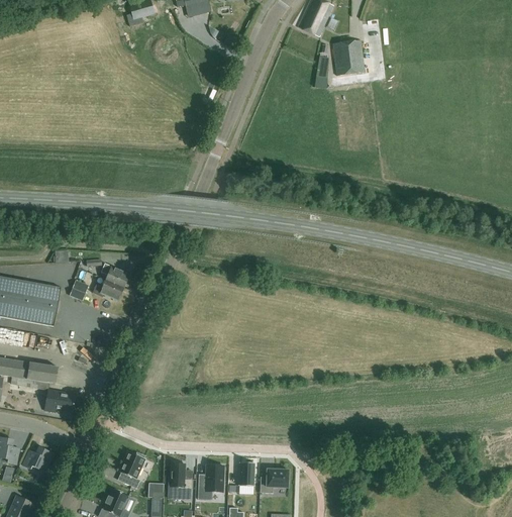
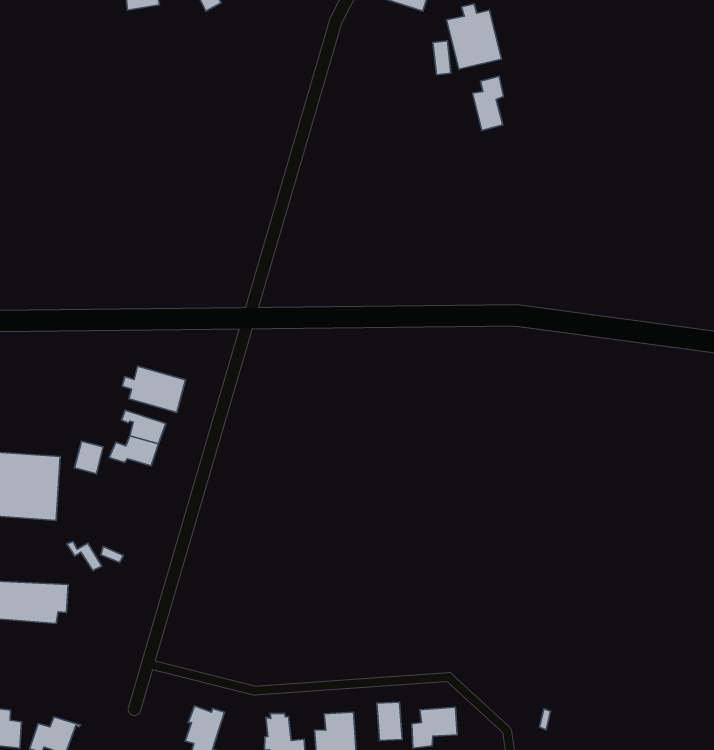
building: none -> [473,76,504,131]
building: none -> [122,366,185,413]
building: [44,390,75,412] -> none

